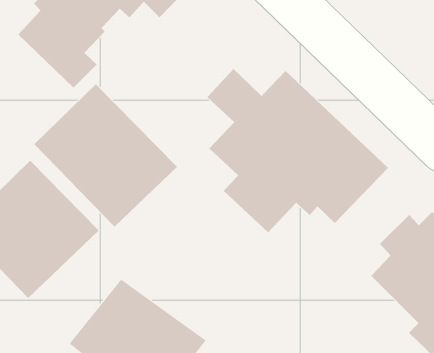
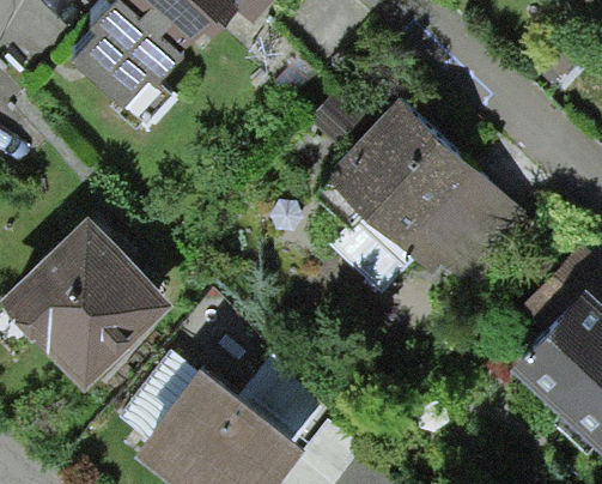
building: [33,83,178,228] -> none

